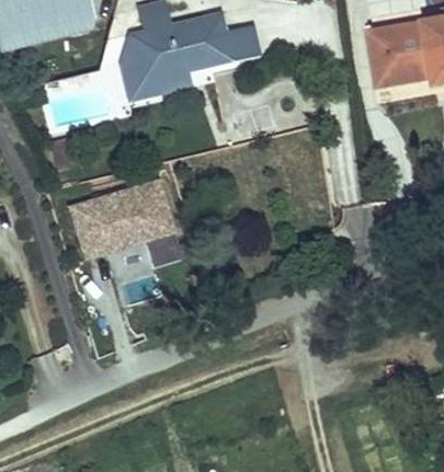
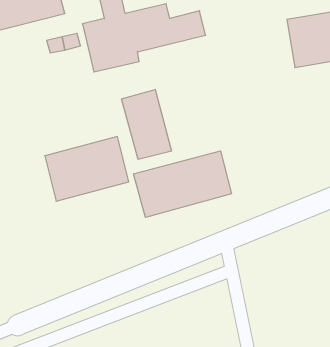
building: none -> [121,89,172,159]
building: none -> [133,151,231,217]

